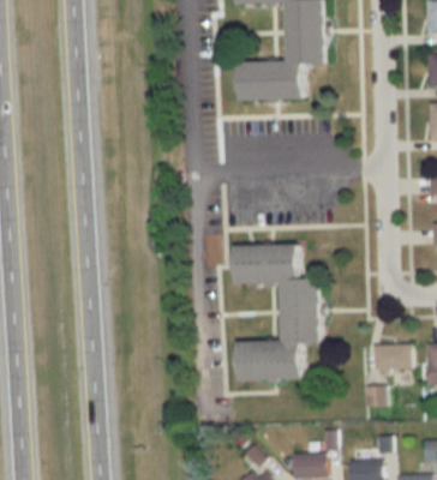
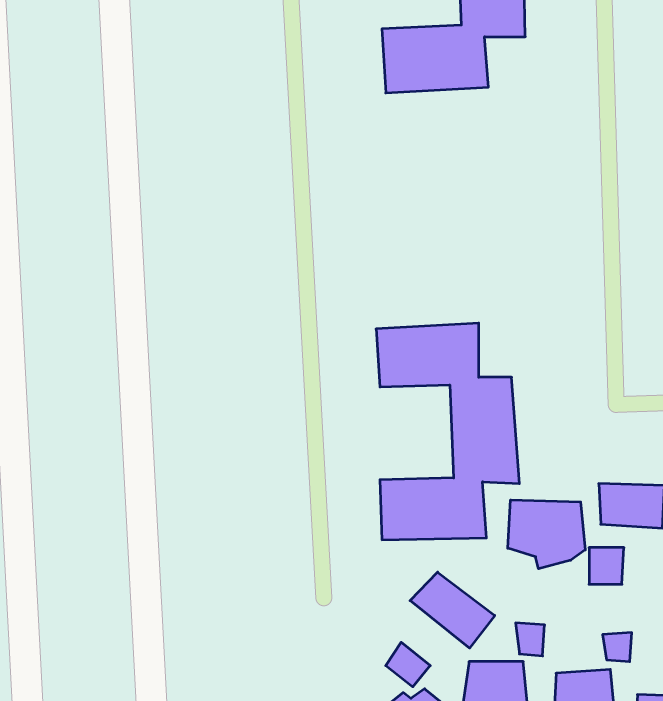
building: none -> [508,500,585,569]
building: none -> [410,572,495,648]

